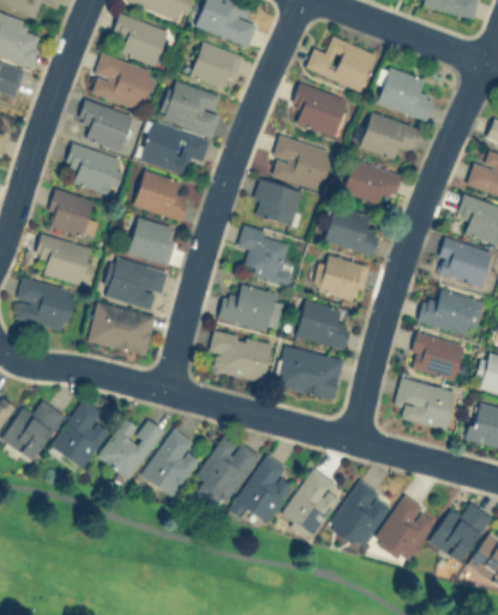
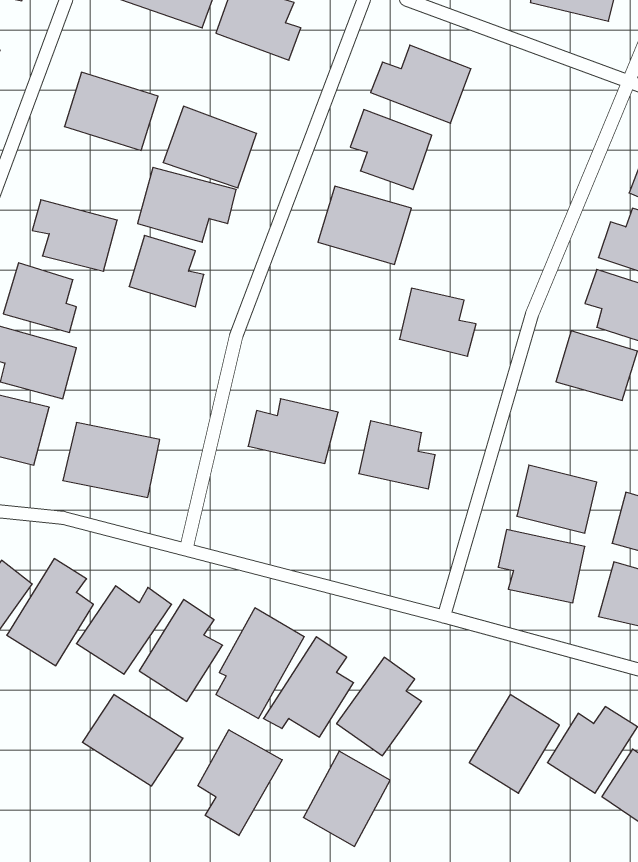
building: [113,14,168,66] -> none
building: [191,42,242,90] -> none
building: [377,68,437,120] -> none
building: [78,101,133,151] -> none
building: [353,113,424,159] -> none
building: [343,161,402,205] -> none
building: [251,180,302,226] -> none
building: [128,217,179,265] -> none
building: [239,227,294,286] -> none
building: [314,255,368,303] -> none
building: [102,257,166,311] -> none
building: [418,289,485,339] -> none
building: [210,332,272,383] -> none
building: [275,346,344,400] -> none
building: [331,480,392,548] -> [303,751,390,846]
building: none -> [82,694,183,786]
building: none -> [198,730,282,836]

